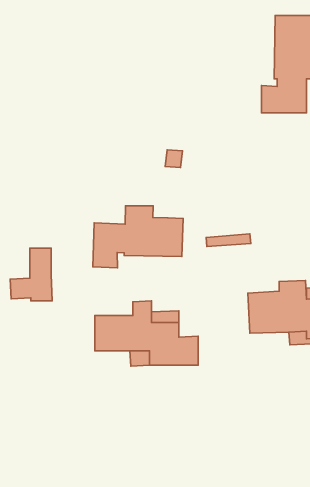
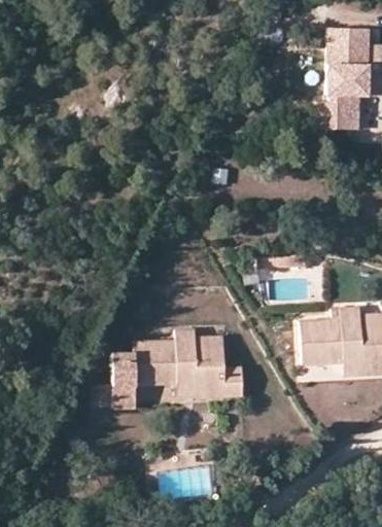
building: [93,206,183,268] -> none
building: [10,248,52,301] -> [94,354,138,410]

